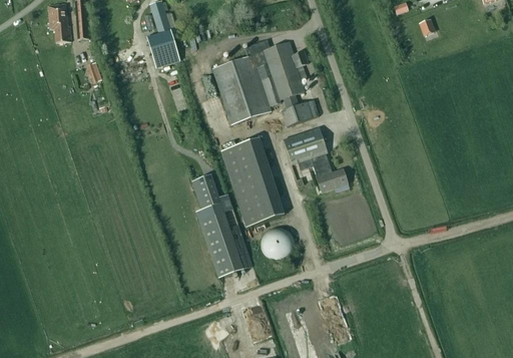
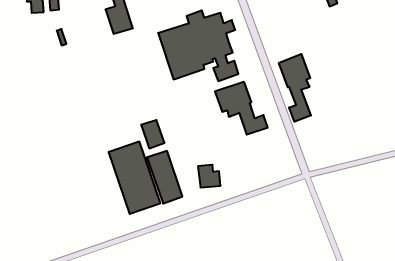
building: none -> [279,54,311,122]
building: [220,137,285,227] -> [109,142,160,214]

